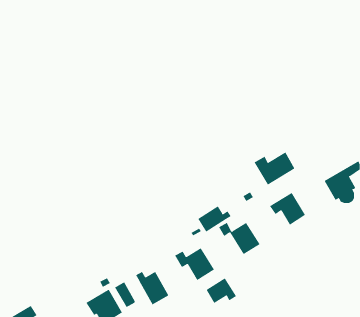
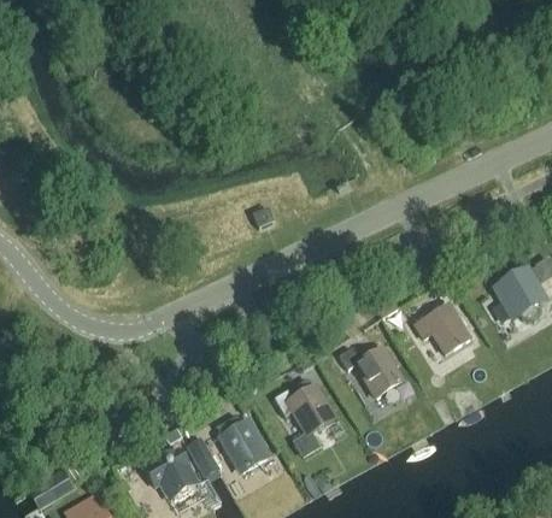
building: [254,152,295,186] -> none
building: [197,206,231,232] -> none
building: [206,278,237,304] -> none

